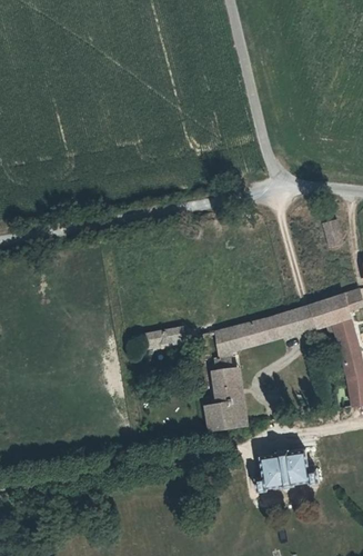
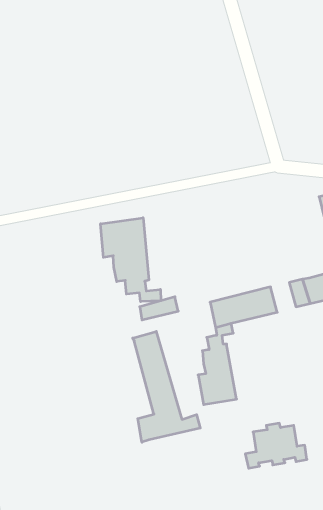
building: none -> [101,218,161,302]
building: [278,308,303,338] -> none
building: none -> [133,331,200,442]

